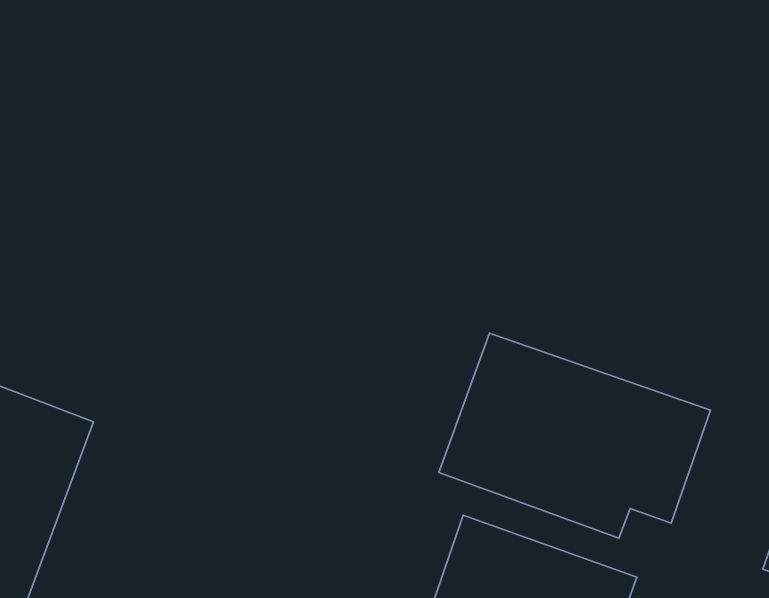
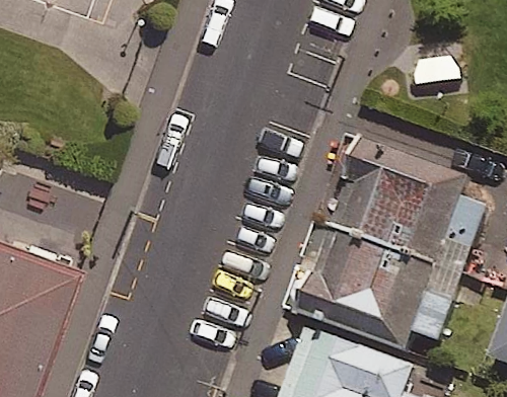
building: none -> [325,135,487,268]

